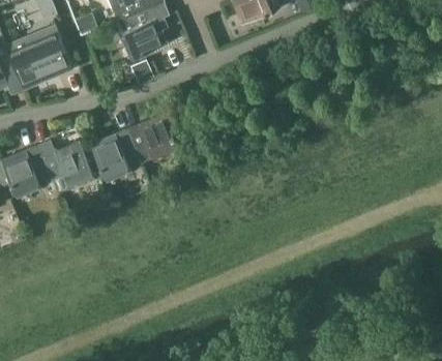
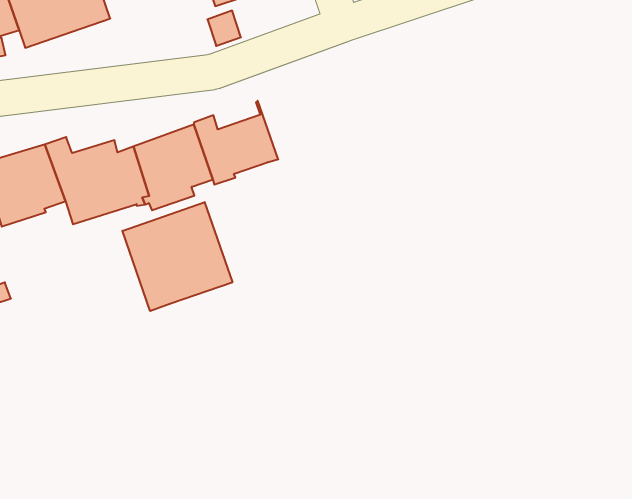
building: none -> [122,202,232,311]

